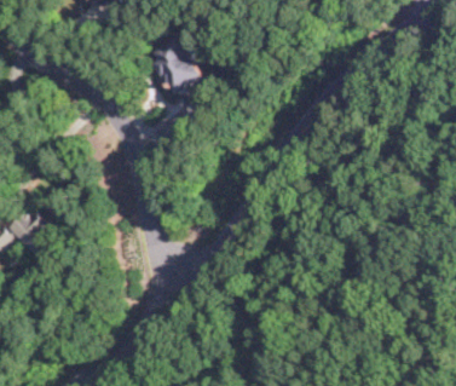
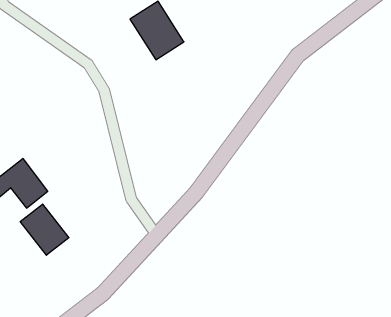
building: none -> [20,204,69,255]

